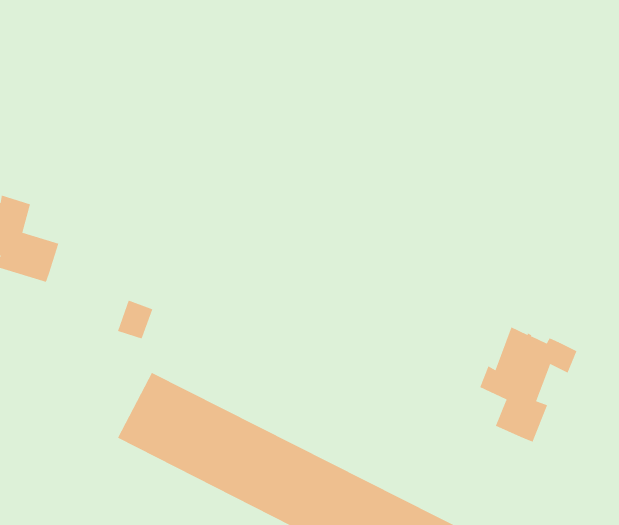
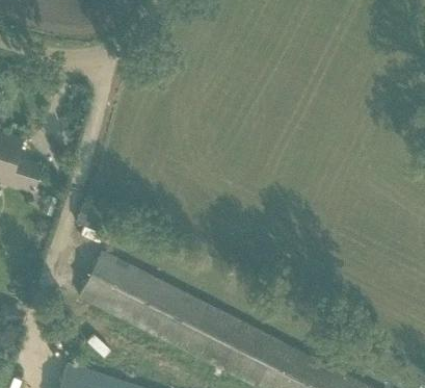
building: [480,326,577,443] -> none

